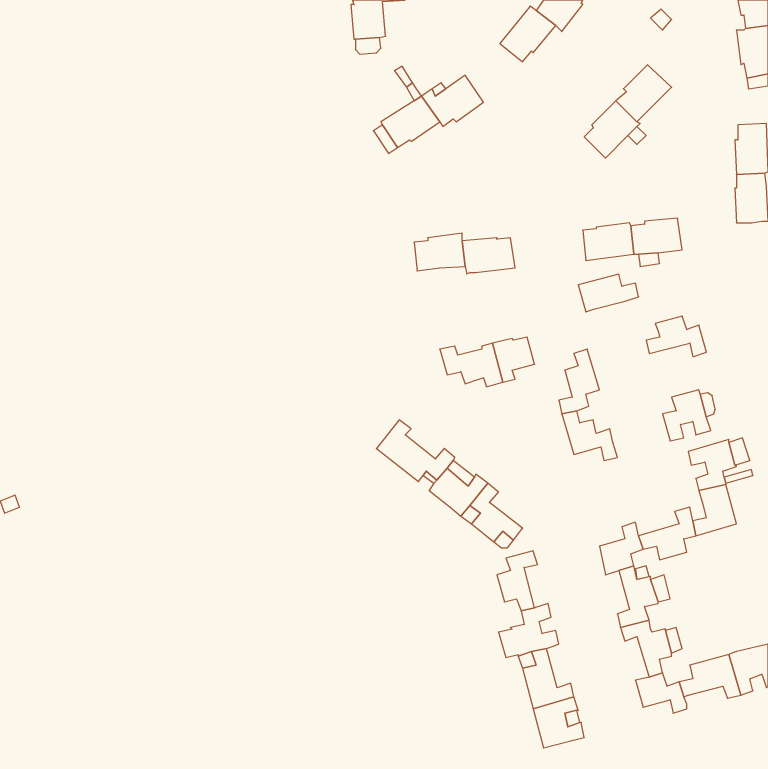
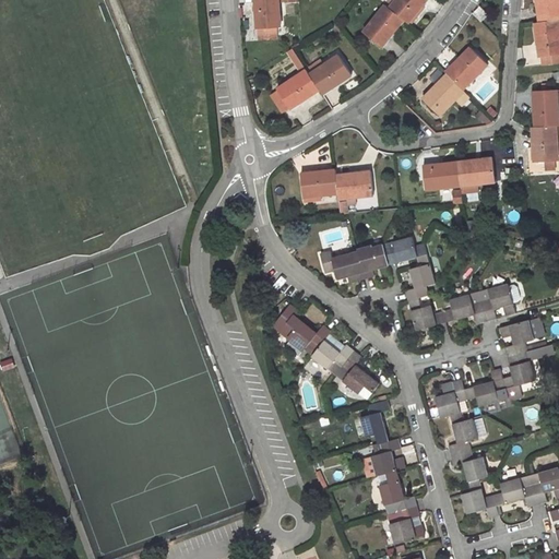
building: [578,274,639,312] -> [382,237,426,264]
building: [646,316,706,357] -> [442,294,486,323]

